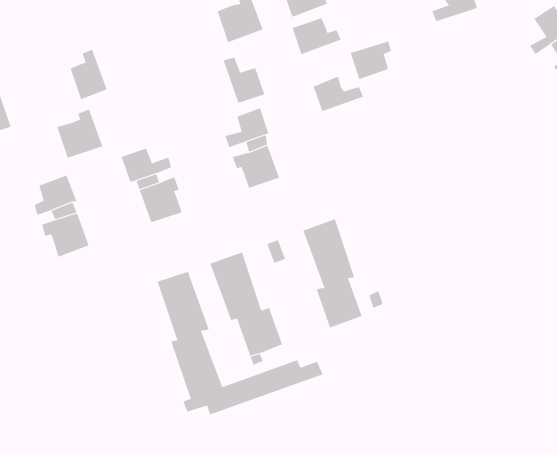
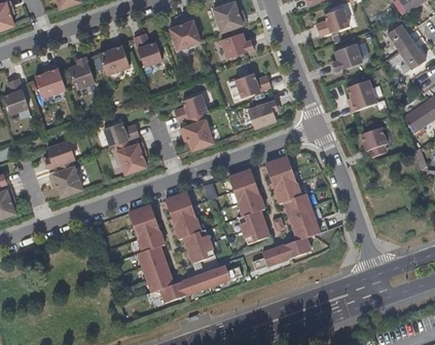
building: none -> [99,41,130,74]
building: none -> [331,43,362,72]
building: [350,41,392,80] -> [249,100,278,126]
building: [223,57,265,104] -> [134,34,162,66]
building: none -> [347,81,375,112]
building: [57,109,103,158] -> [35,63,67,97]
building: none -> [359,128,386,158]
building: none -> [252,157,320,271]

